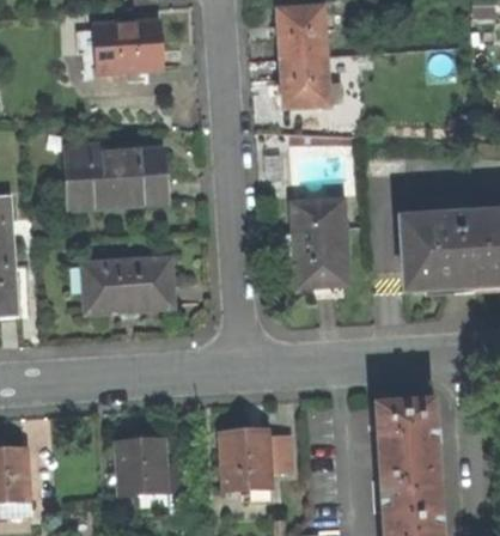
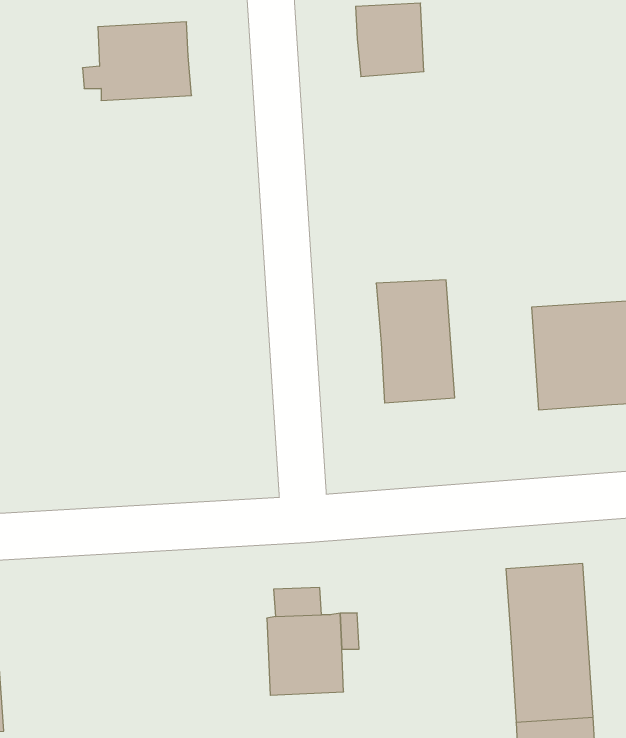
building: [281,54,329,108] -> none
building: [65,144,165,208] -> none
building: [83,258,172,313] -> none
building: [111,440,166,508] -> none

